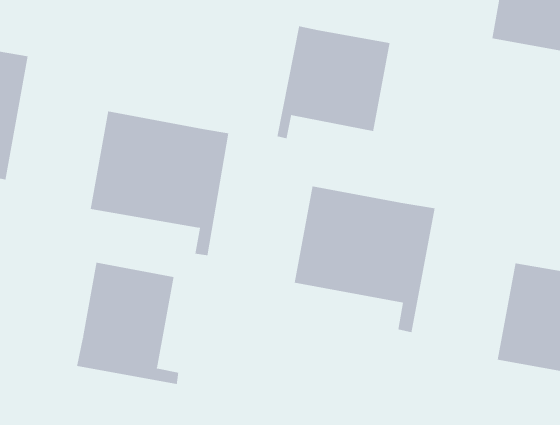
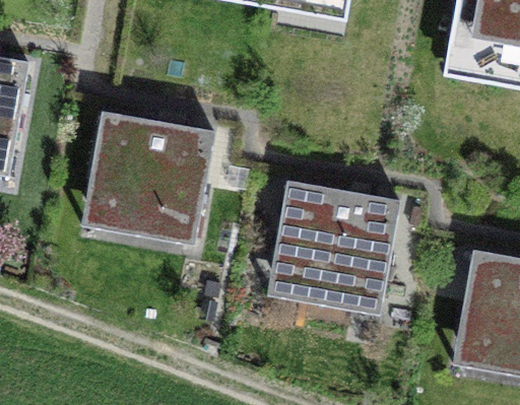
building: [277,26,390,139] -> none
building: [77,262,179,385] -> none

